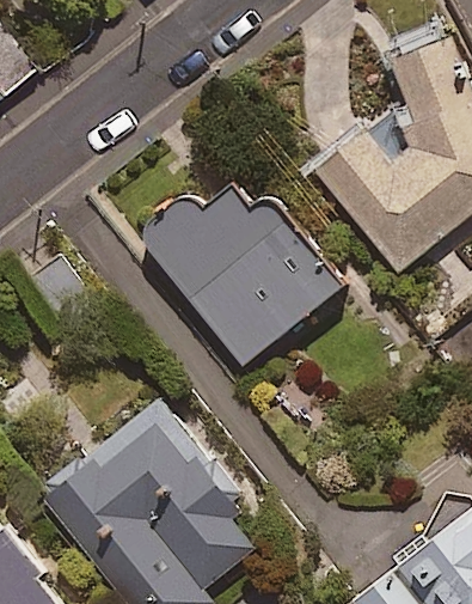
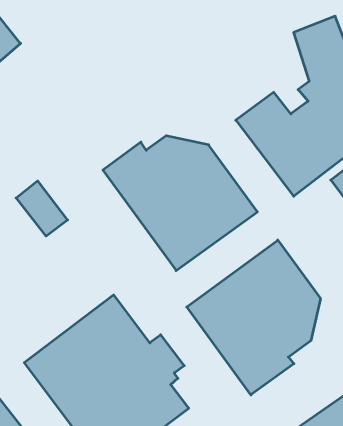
building: none -> [187,240,320,395]

